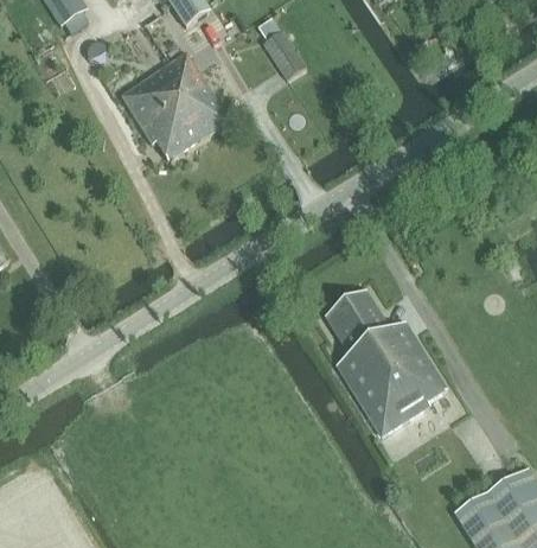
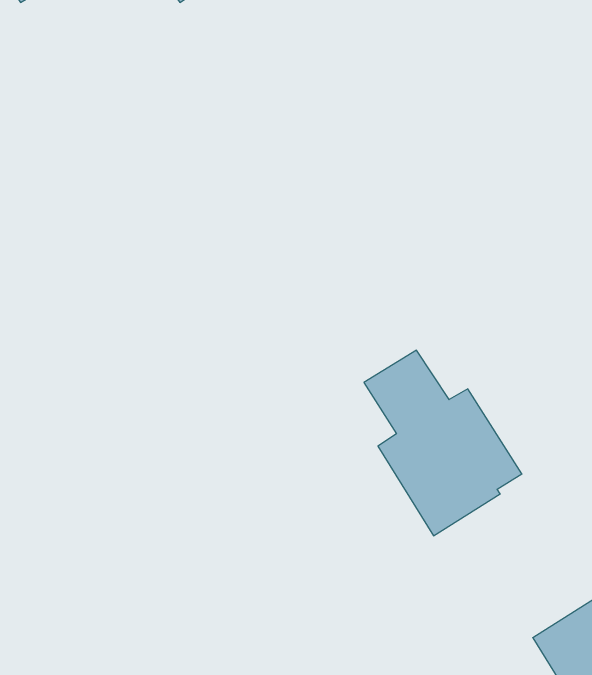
building: [262,32,303,79] -> none
building: [121,51,228,158] -> none

